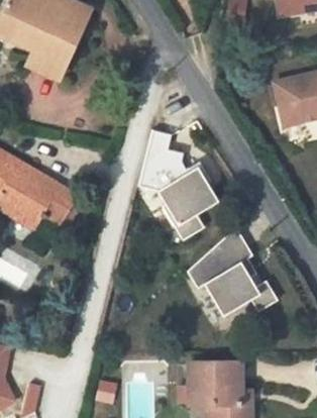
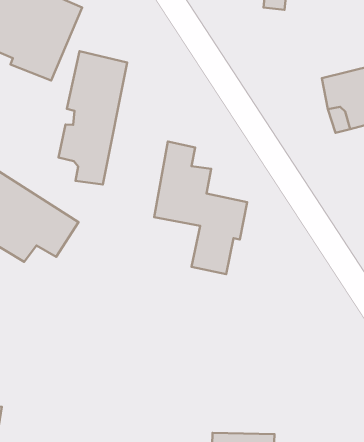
building: none -> [59,51,127,184]
building: [184,235,276,328] -> none

